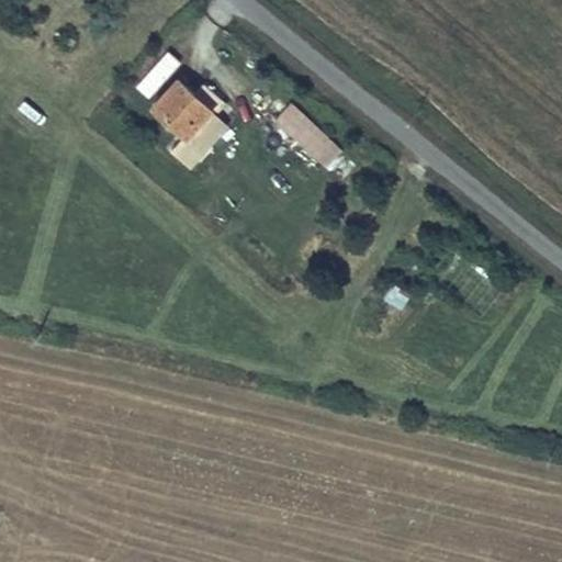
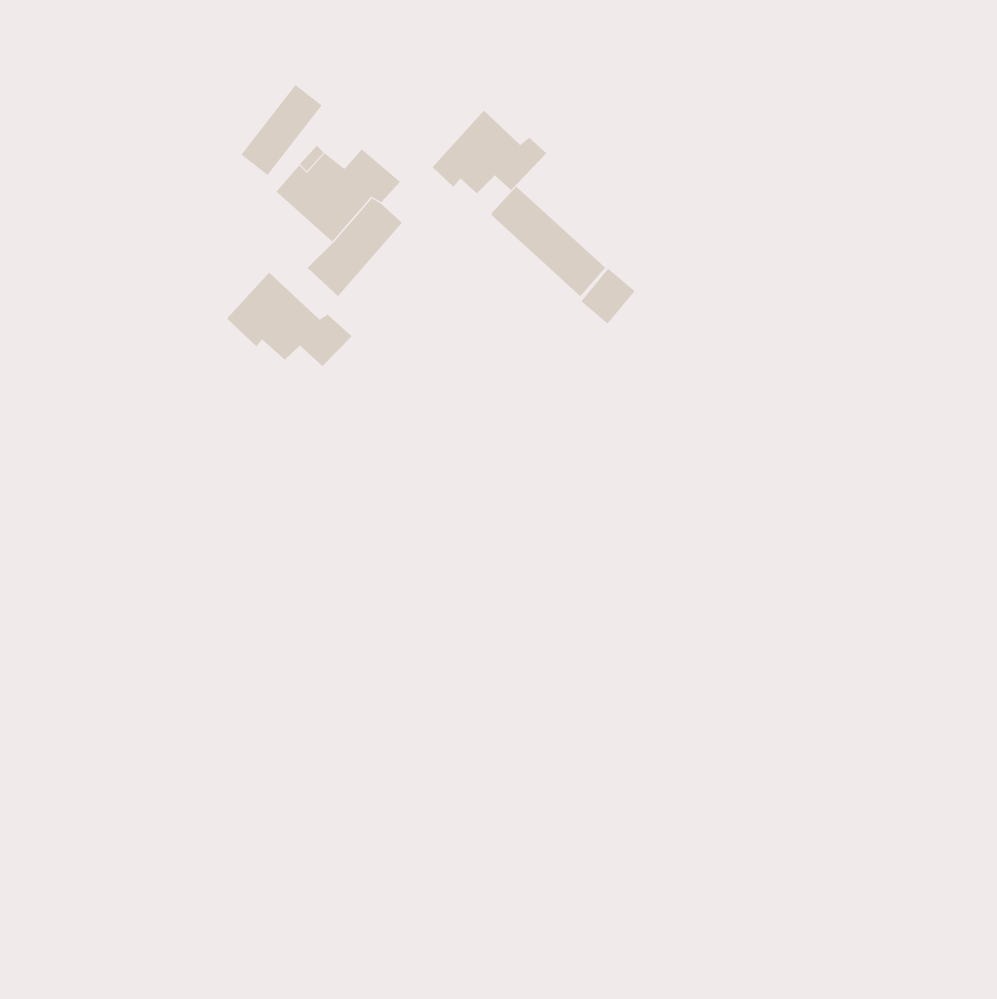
building: none -> [432,110,547,194]
building: none -> [226,272,353,367]

